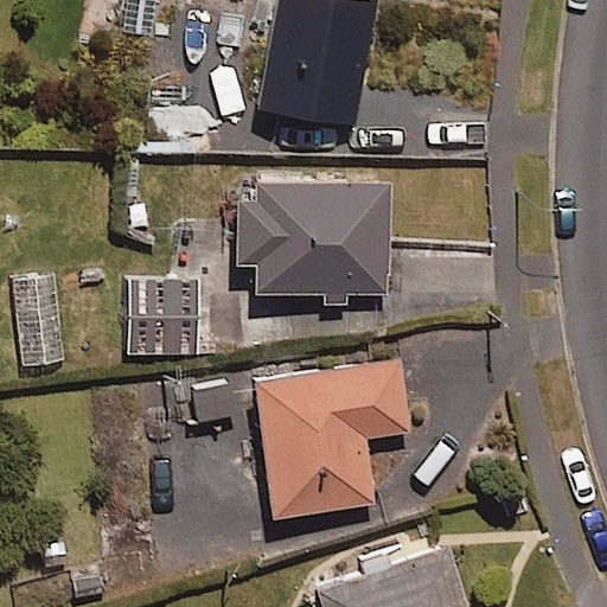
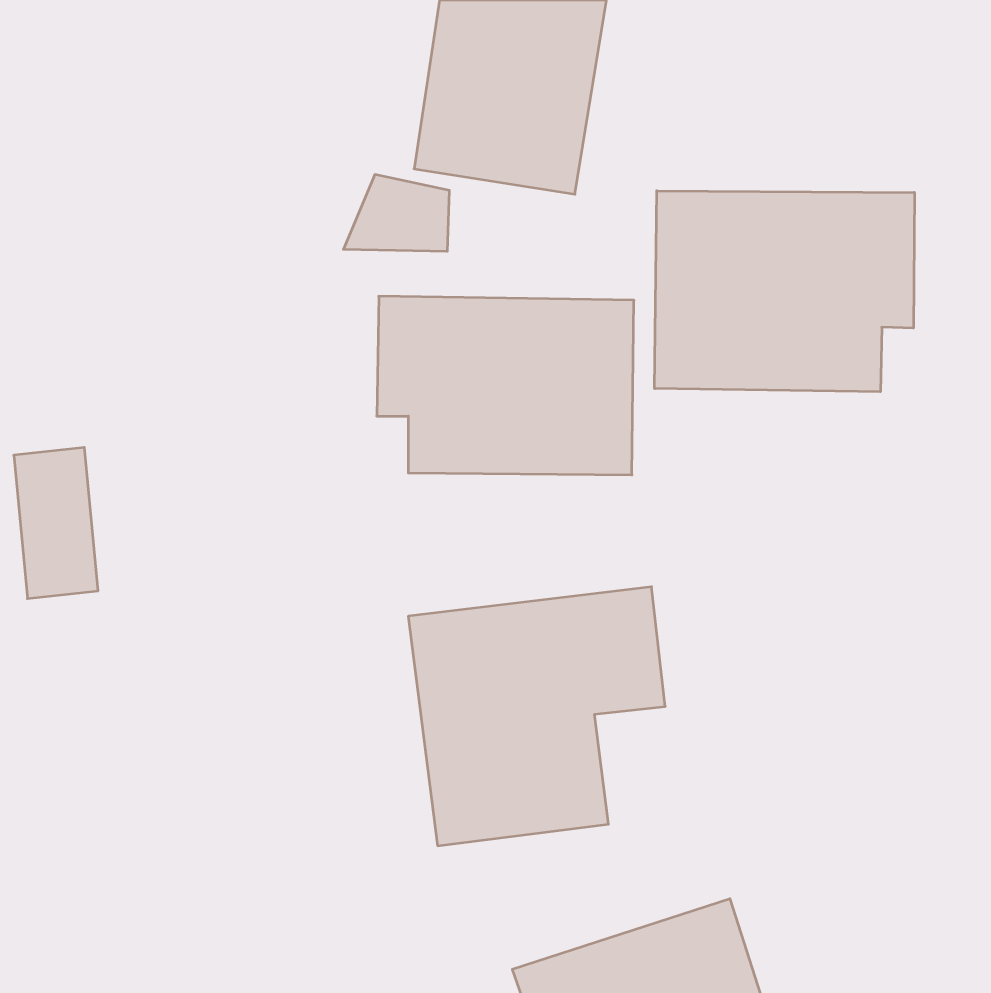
building: none -> [655,191,914,392]
building: [128,279,200,354] -> none

